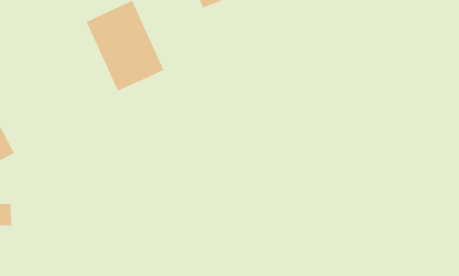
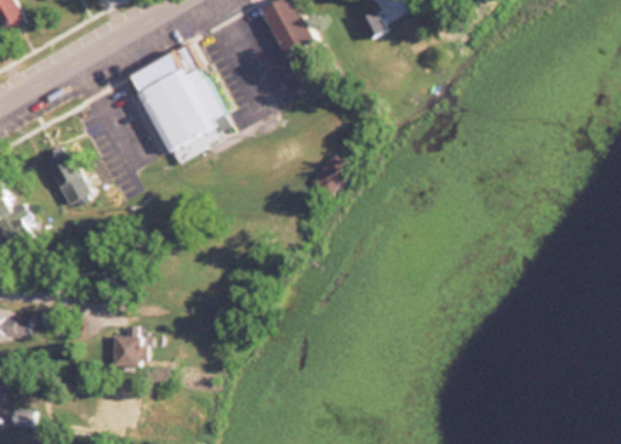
building: none -> [45,147,90,203]
building: none -> [113,326,142,364]

